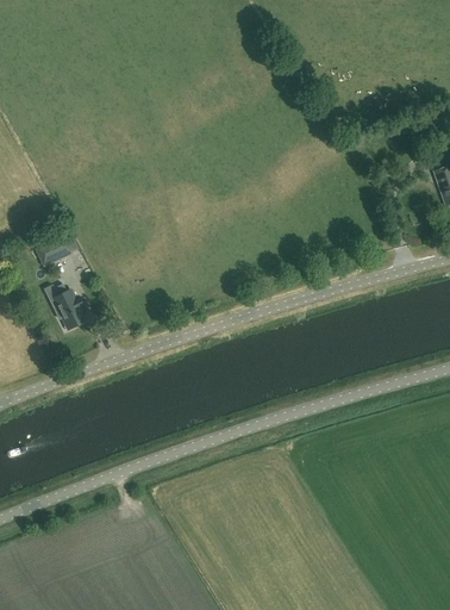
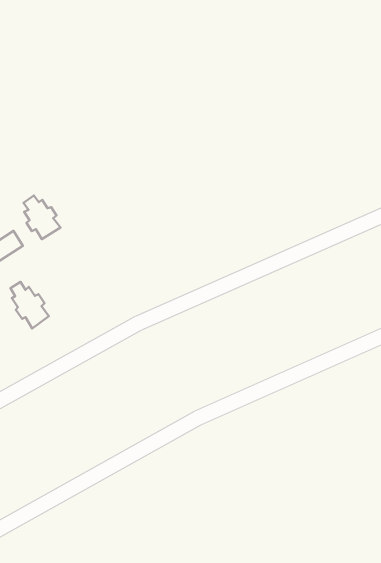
building: none -> [23,196,61,239]

